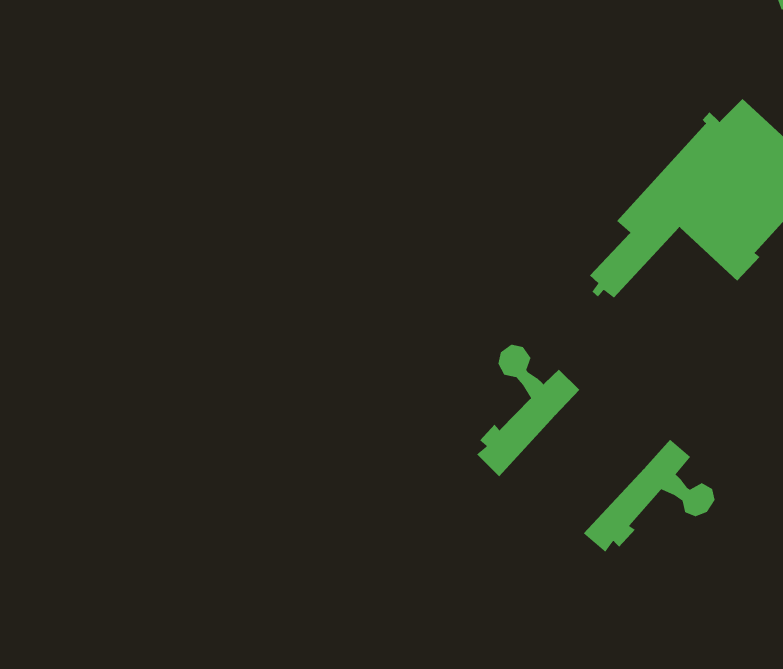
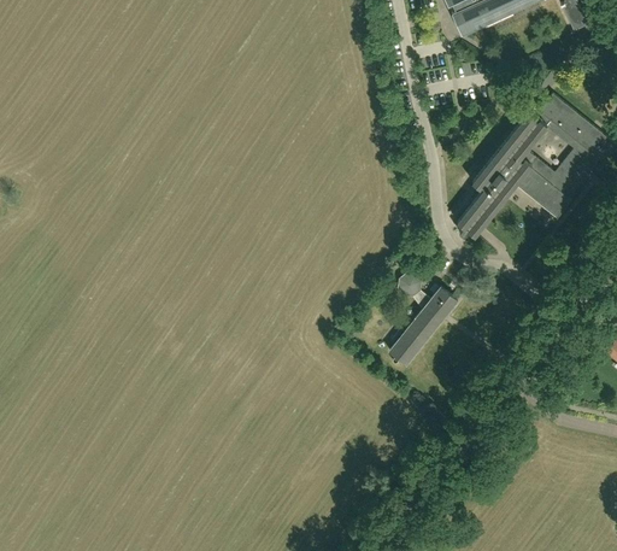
building: [583,439,715,553] -> none

